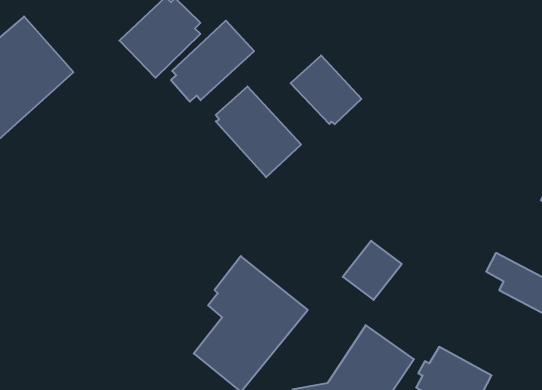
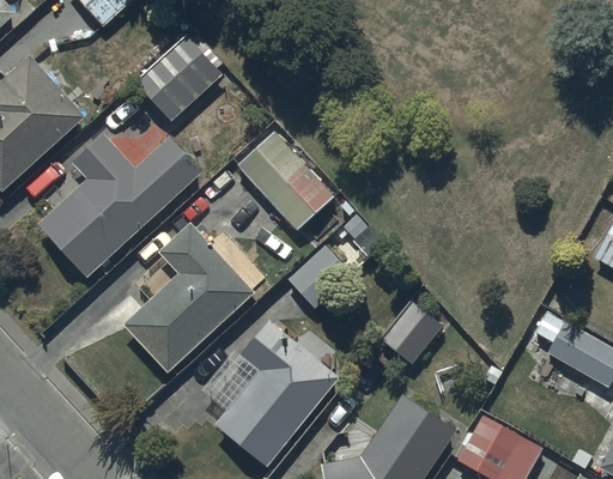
building: [171,21,254,102] -> none
building: [291,55,361,124] -> none
building: none -> [38,134,201,277]
building: none -> [125,222,256,372]

